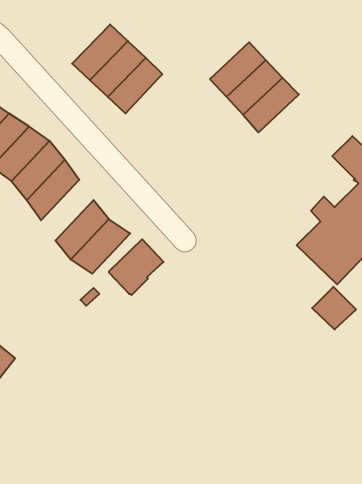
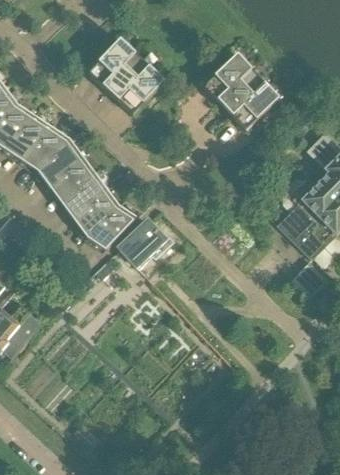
building: none -> [62,170,106,221]

